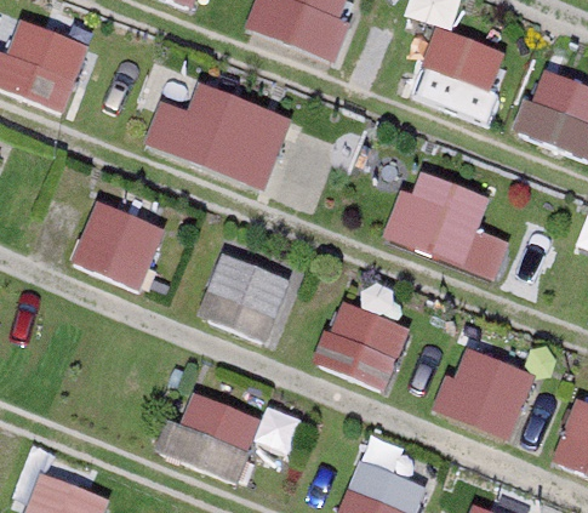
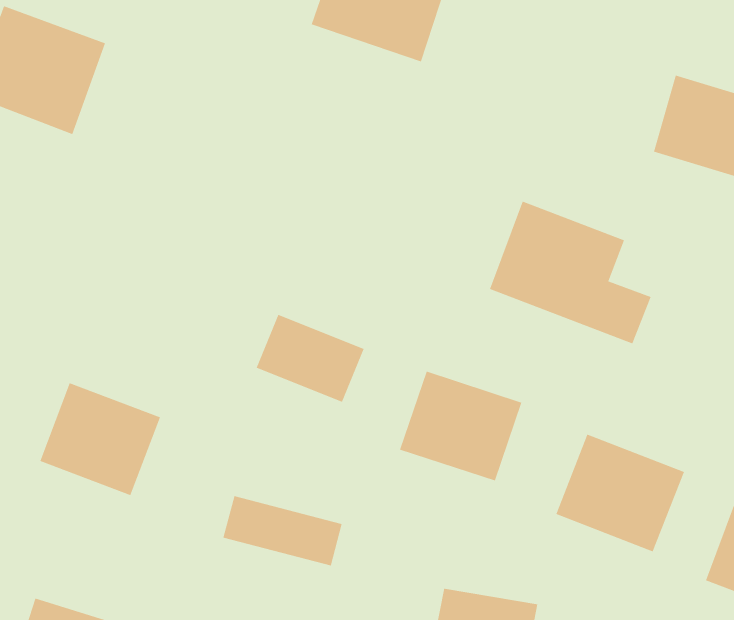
building: [415,30,507,115] -> none
building: [155,82,292,190] -> none
building: [73,203,166,290] -> [39,383,161,496]

